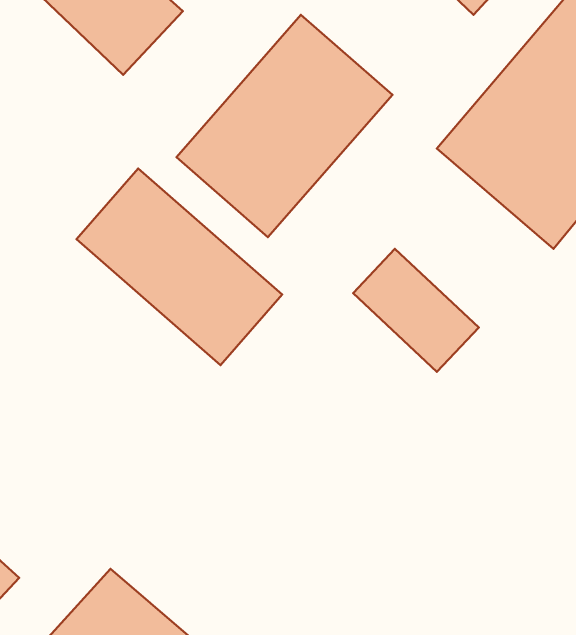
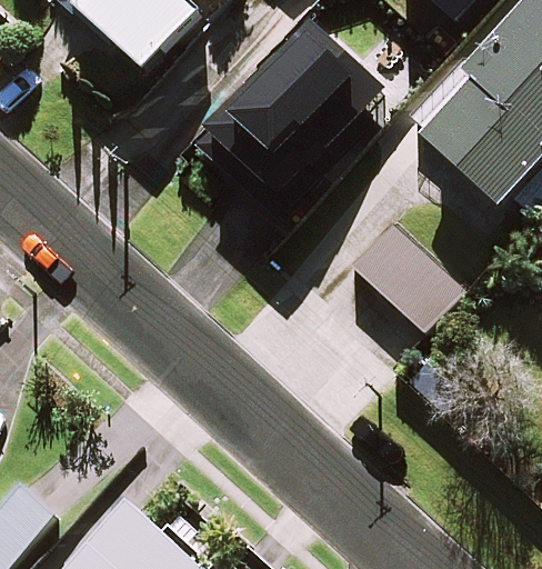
building: [76,169,282,365] -> none

